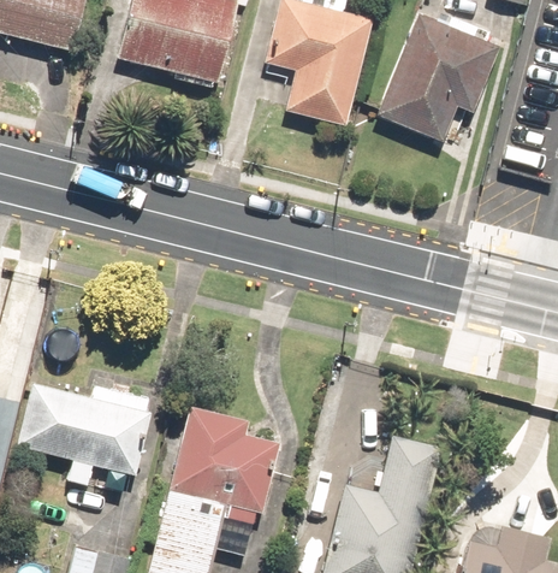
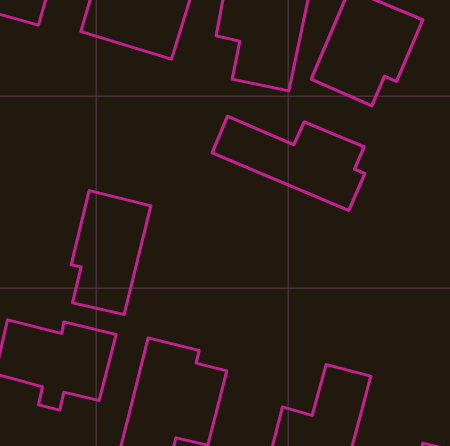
building: none -> [212,116,365,211]
building: none -> [71,190,151,315]

